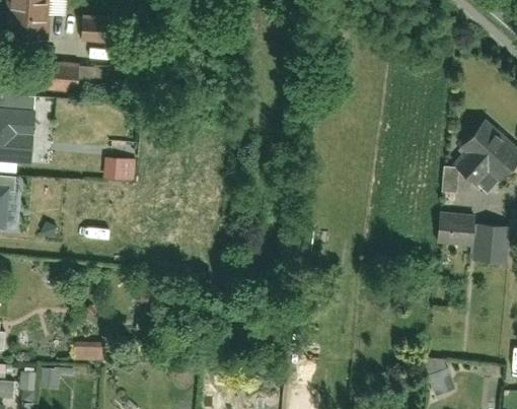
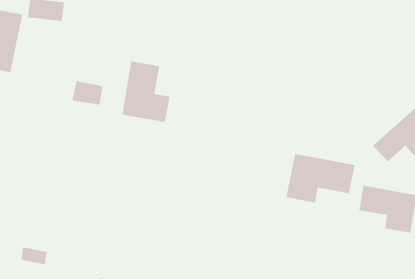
building: none -> [122,60,170,123]
building: none -> [286,153,355,204]

